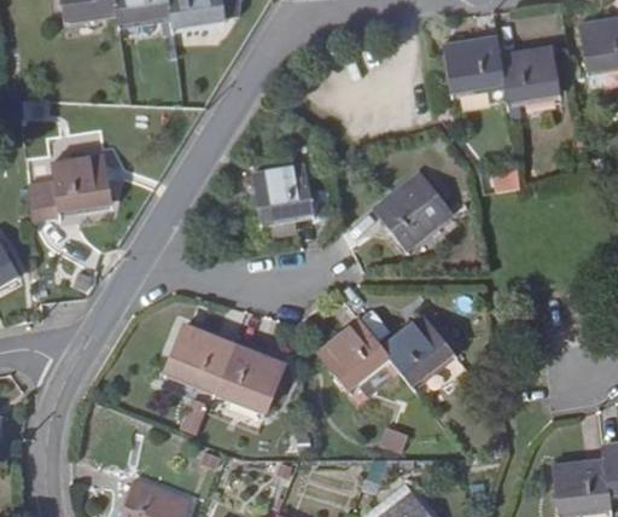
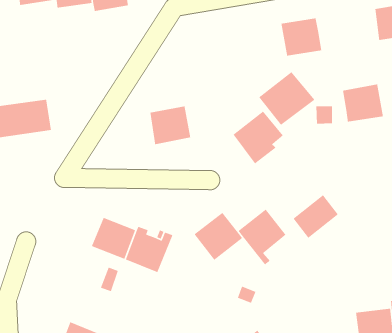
building: [500,47,560,104] -> [342,84,384,123]
building: none -> [258,71,316,126]
building: none -> [292,194,339,239]

